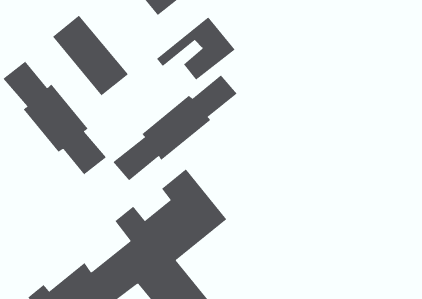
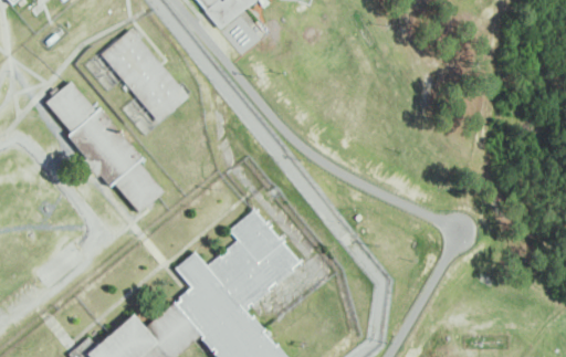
building: [156,17,235,81] -> none
building: [112,74,238,181] -> none

